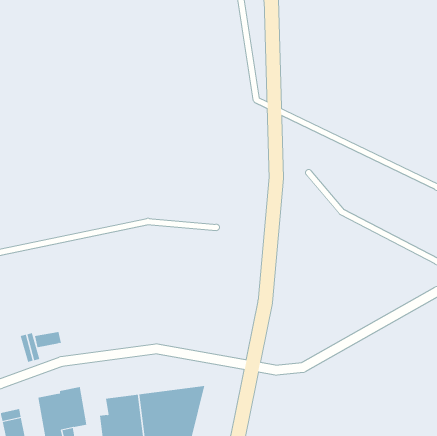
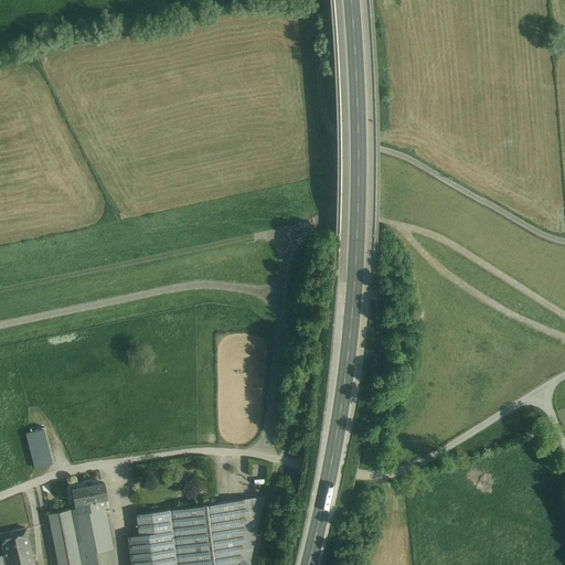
building: [34,331,62,348] -> [72,484,107,505]

